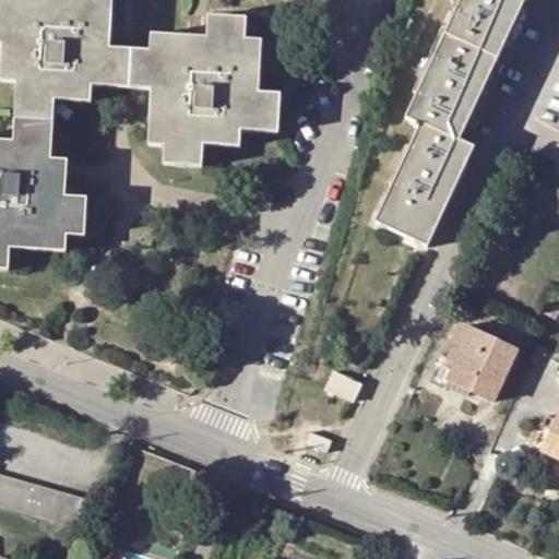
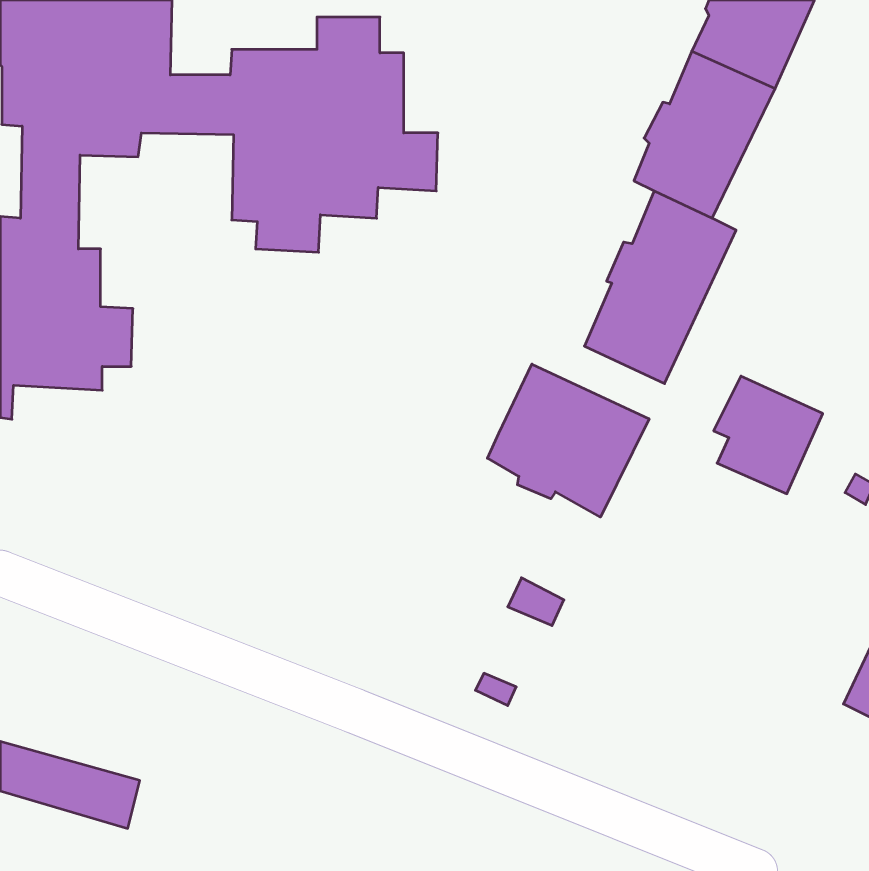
building: none -> [487,364,649,517]
building: [447,325,516,401] -> [714,376,823,494]

